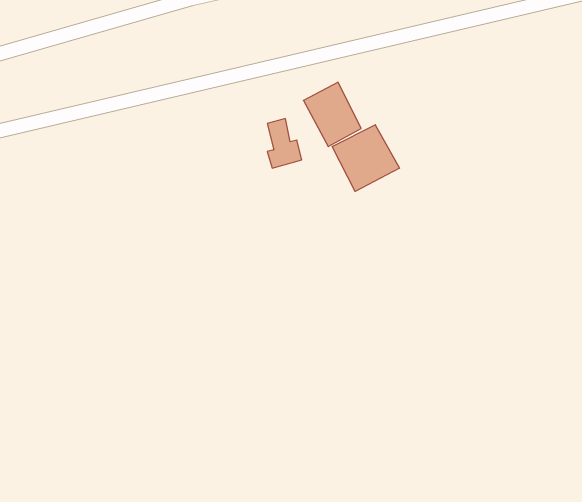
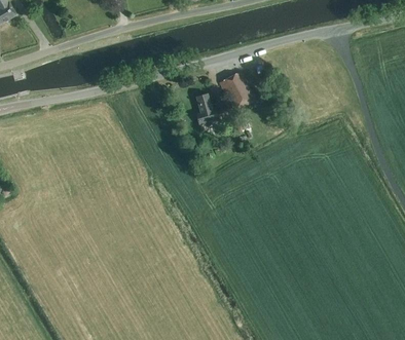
building: [332,125,399,191] -> none

